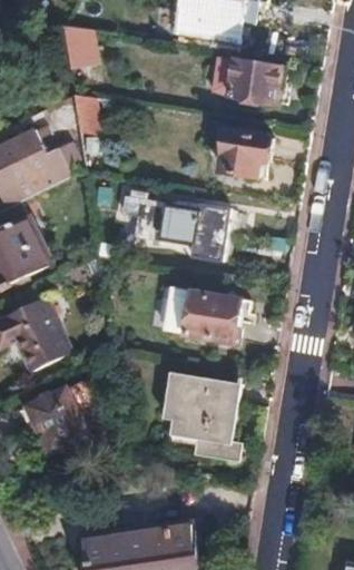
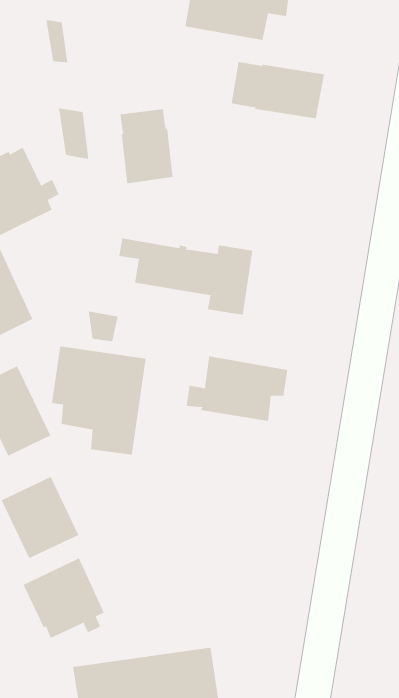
building: none -> [120,109,173,184]
building: [220,130,273,178] -> none
building: [161,374,237,461] -> [51,346,146,455]
building: none -> [23,558,105,639]

